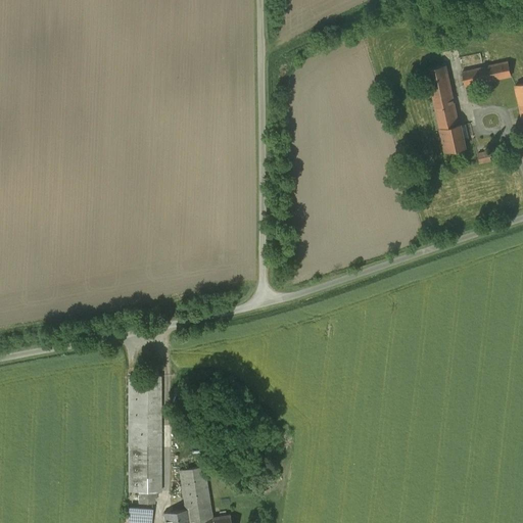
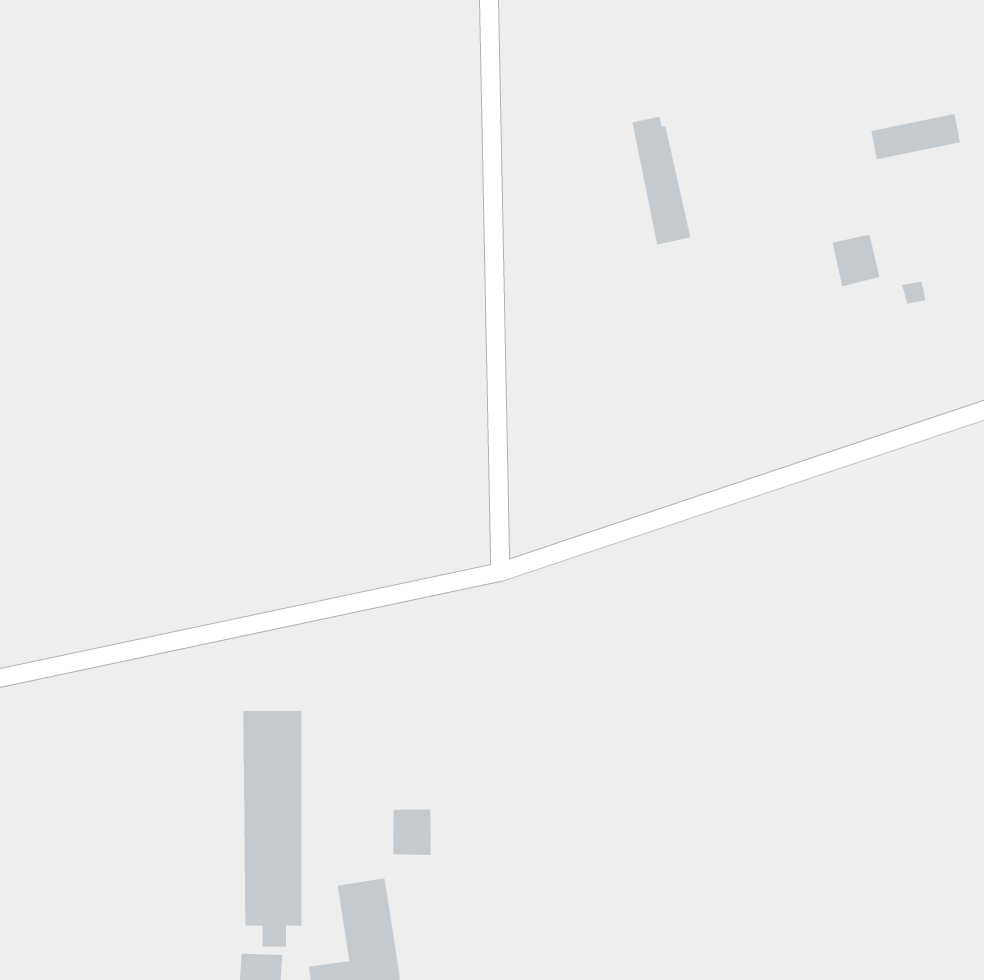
building: [428,62,460,131] -> [631,116,691,245]
building: none -> [393,809,431,856]

